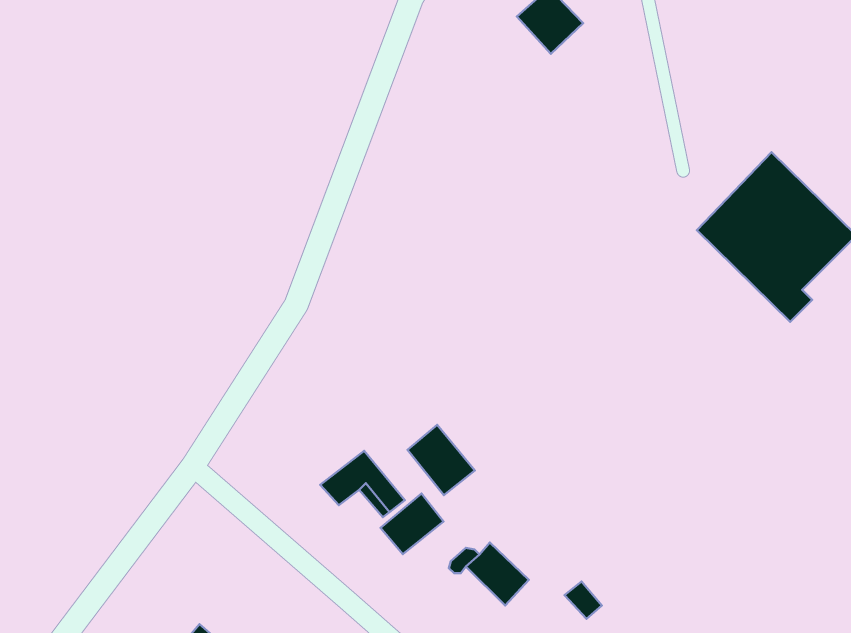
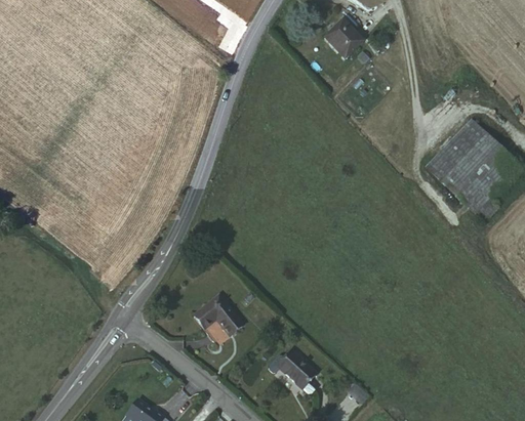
building: [408,425,475,495] -> none
building: [380,494,444,554] -> none

